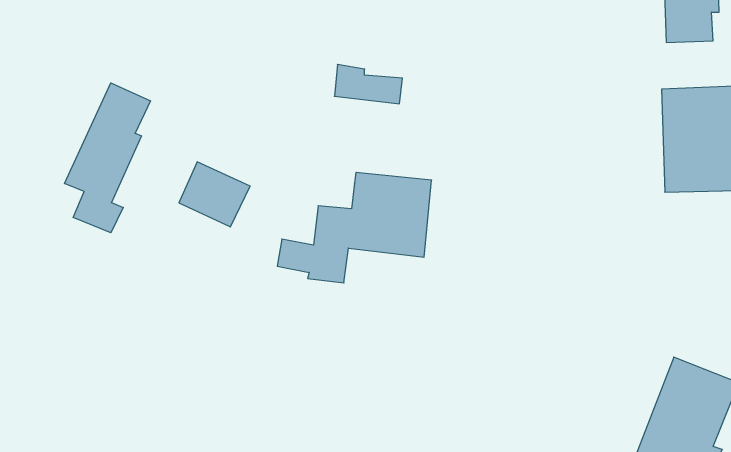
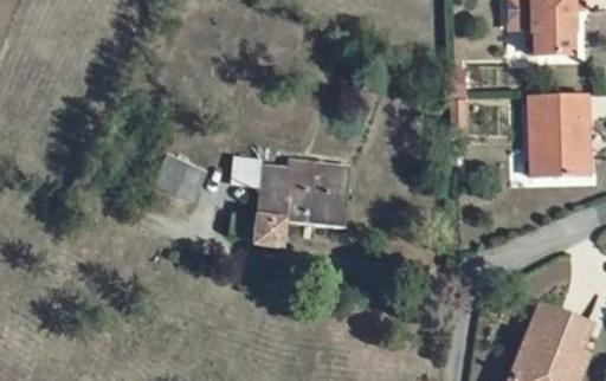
building: [334,64,402,104] -> [236,157,289,188]
building: [65,83,150,233] -> none

